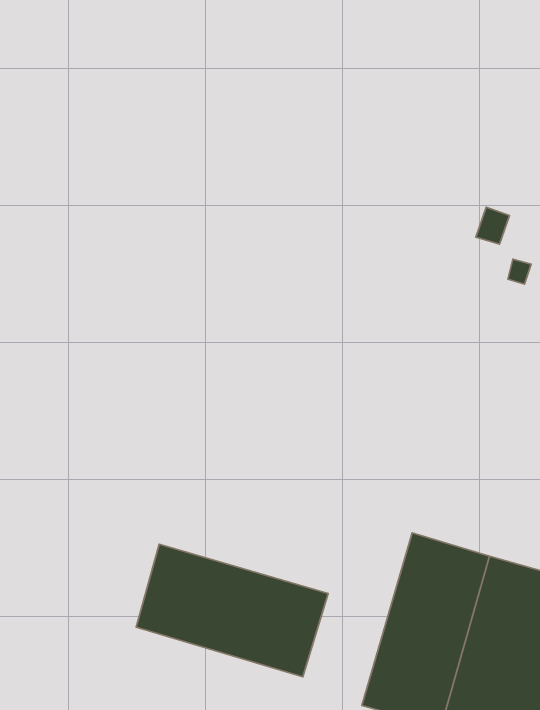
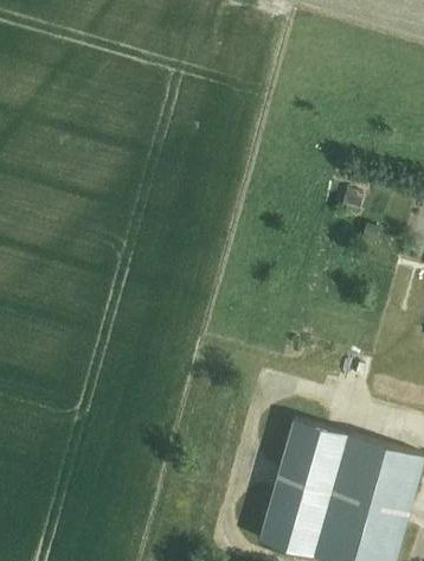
building: [136,544,328,677] -> none

